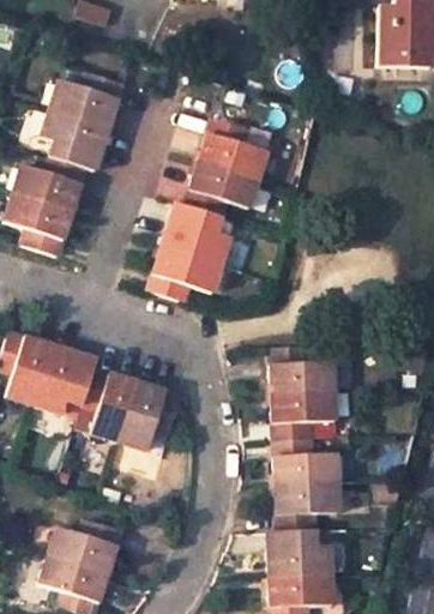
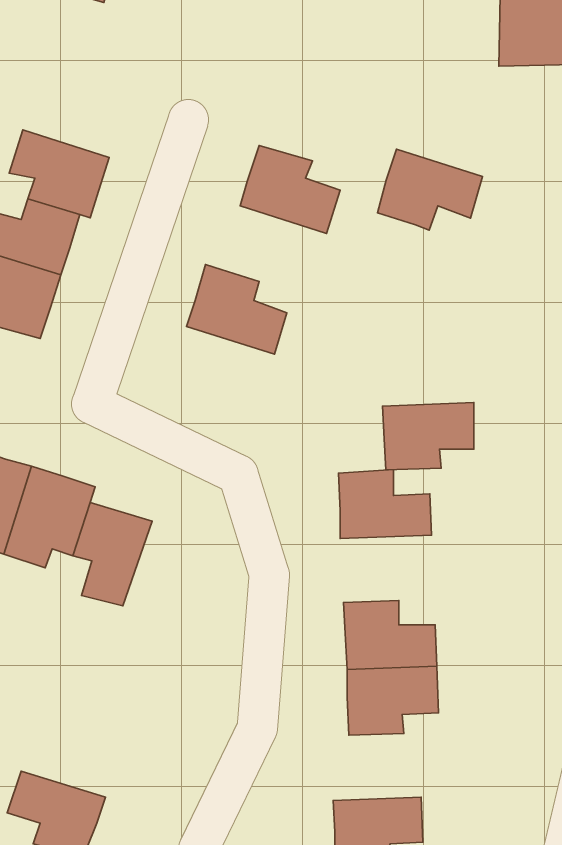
building: [48,74,121,130] -> none
building: [186,163,259,219] -> [377,149,483,230]
building: [150,247,223,300] -> none
building: [117,383,182,451] -> none
building: [269,392,332,439] -> [383,403,474,470]
building: [47,519,120,574] -> none
building: [263,530,325,577] -> none

